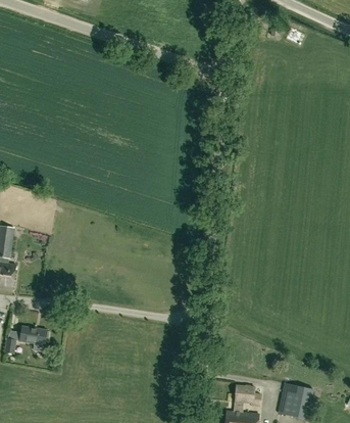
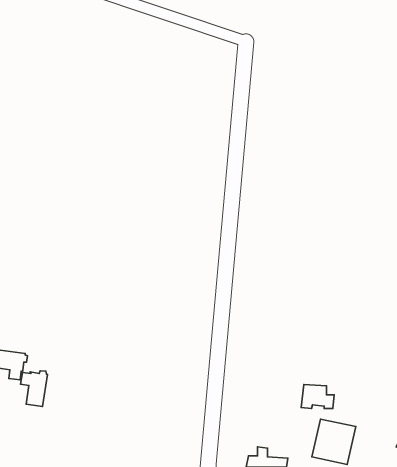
building: none -> [21,371,47,407]
building: [234,386,260,406] -> [301,385,334,409]

